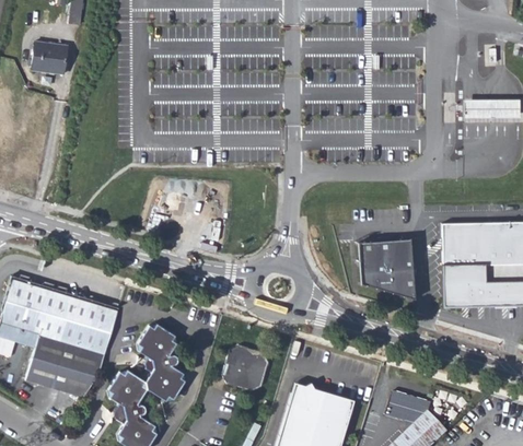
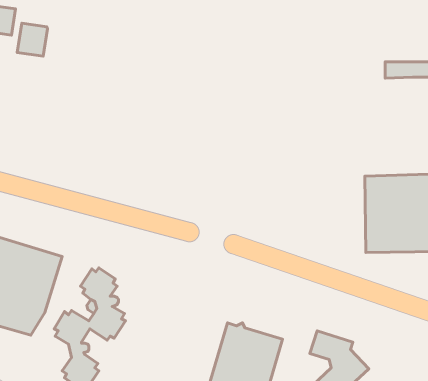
building: none -> [17,23,47,56]
building: [358,238,414,297] -> none
building: [221,343,267,390] -> none

